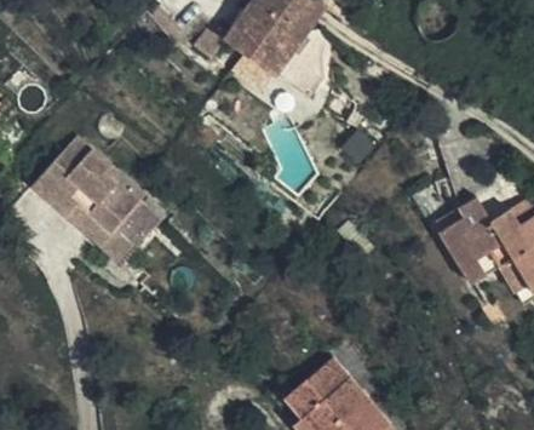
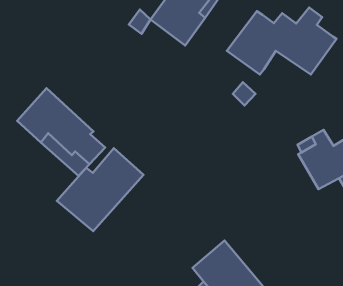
building: none -> [227,8,337,75]
building: none -> [57,148,143,231]

